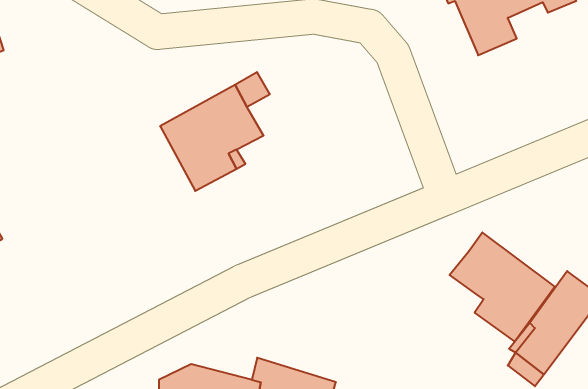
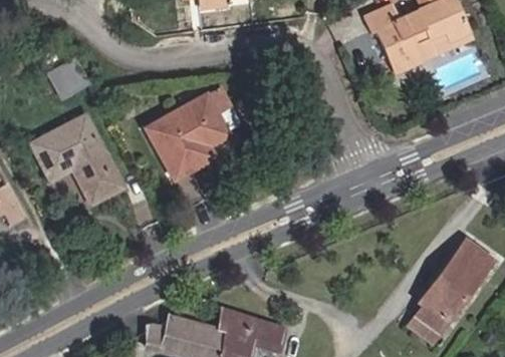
building: none -> [51,60,89,97]
building: none -> [32,116,122,205]
building: [450,232,555,342] -> none

